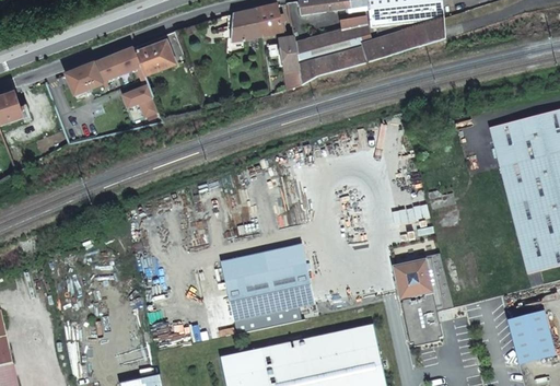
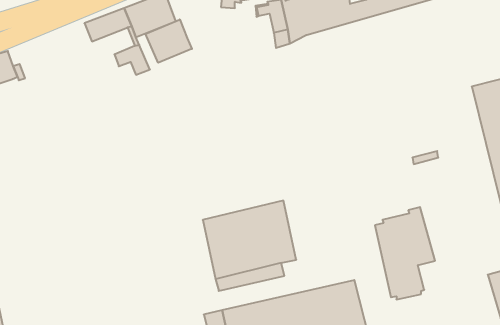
building: none -> [145,19,192,63]
building: [66,62,103,97] -> none

